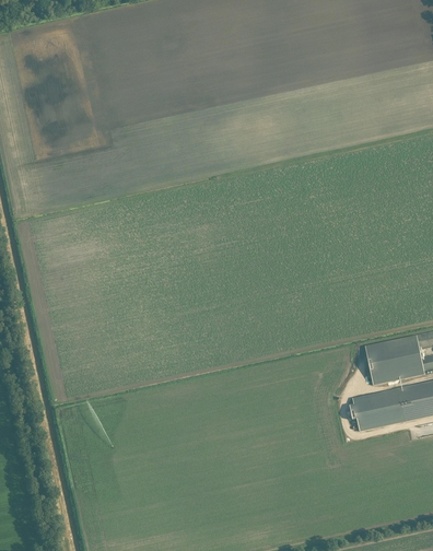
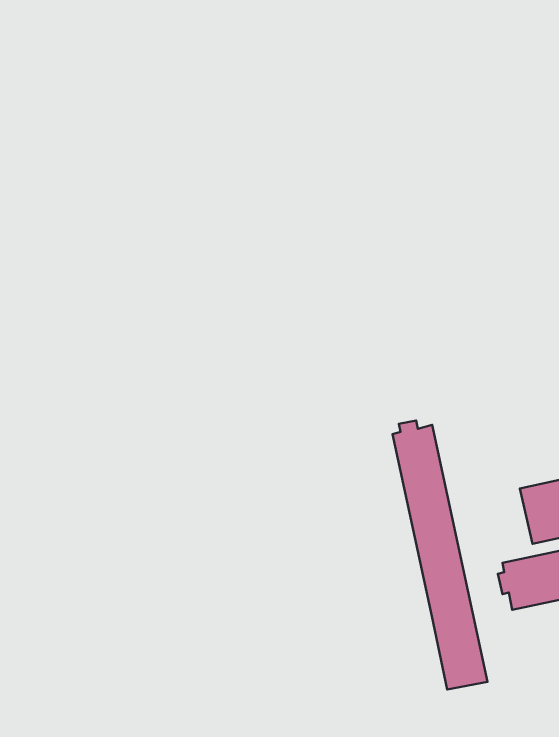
building: none -> [393,421,487,689]

